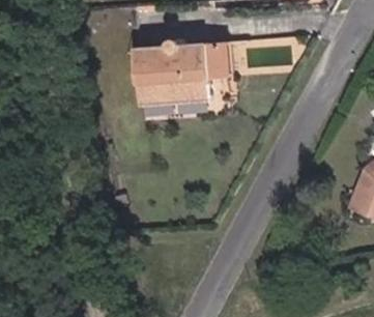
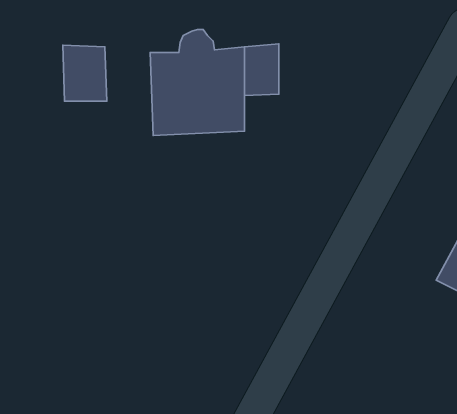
building: none -> [63,45,107,101]

